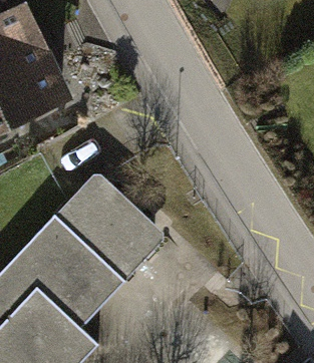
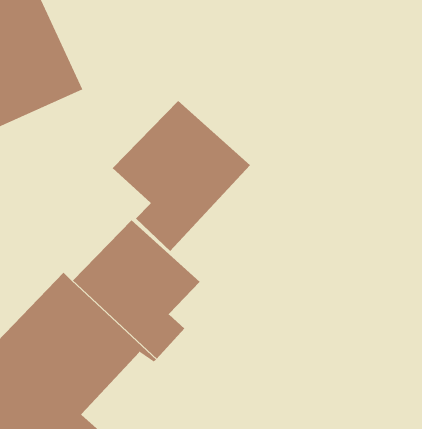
building: none -> [112,100,251,252]

